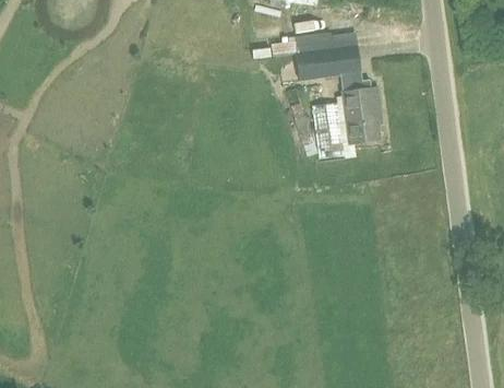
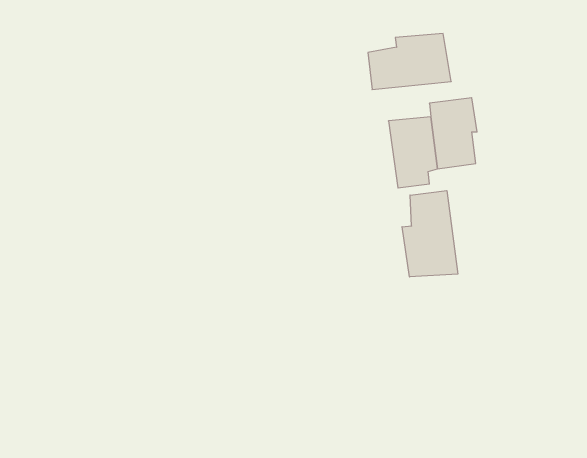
building: none -> [402,191,458,277]

